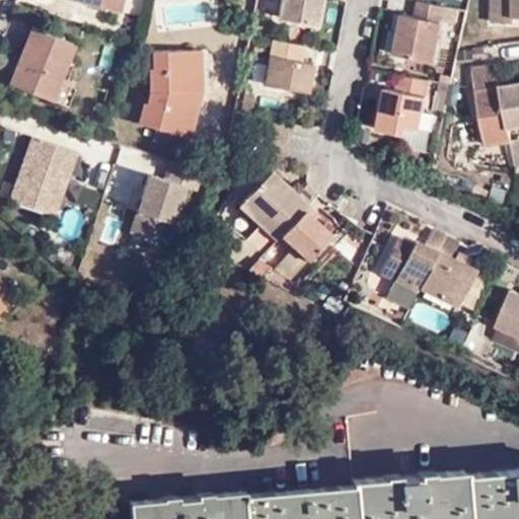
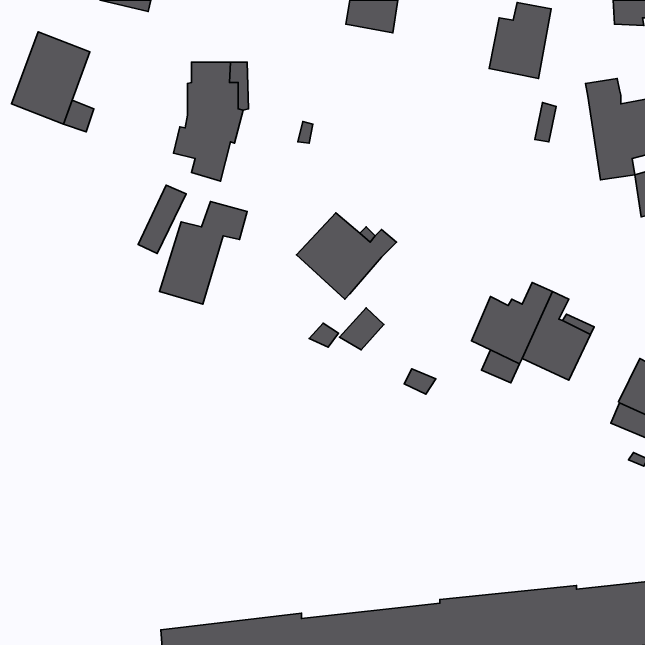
building: [265,44,310,96] -> none
building: [377,77,427,137] -> none
building: [10,145,73,223] -> none
building: [282,208,332,262] -> none

